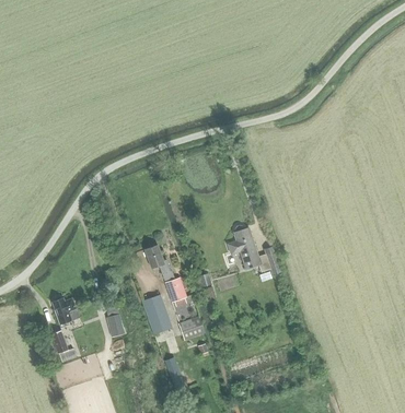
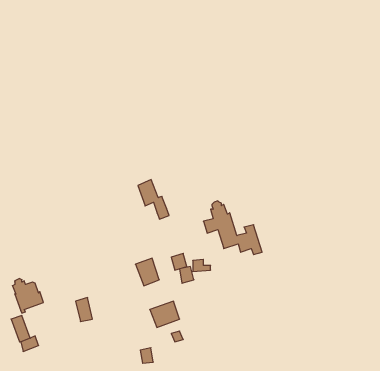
building: [144,245,173,281] -> [138,180,169,219]
building: [141,295,171,335] -> none

